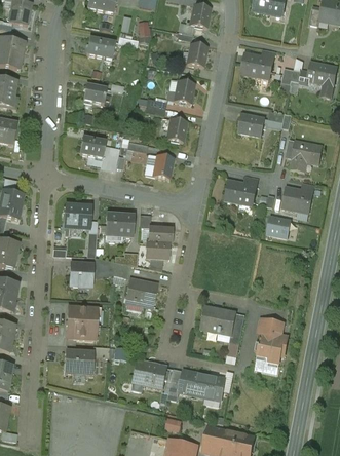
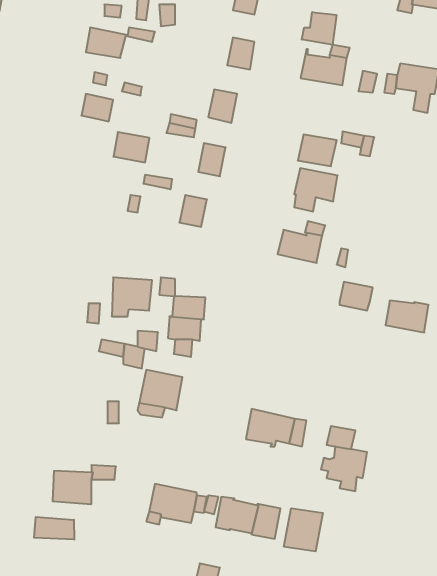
building: none -> [302,12,336,45]
building: [79,136,105,157] -> [113,132,149,162]
building: [291,139,322,169] -> [294,168,338,212]
building: [281,189,312,212] -> [385,301,429,332]
building: [64,204,90,229] -> none
building: [69,265,91,288] -> none
building: [66,306,97,340] -> none
building: none -> [284,508,323,551]
building: none -> [34,517,74,540]

